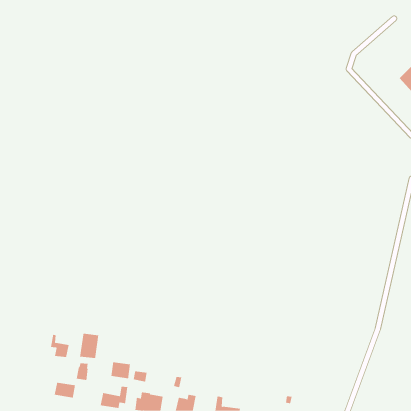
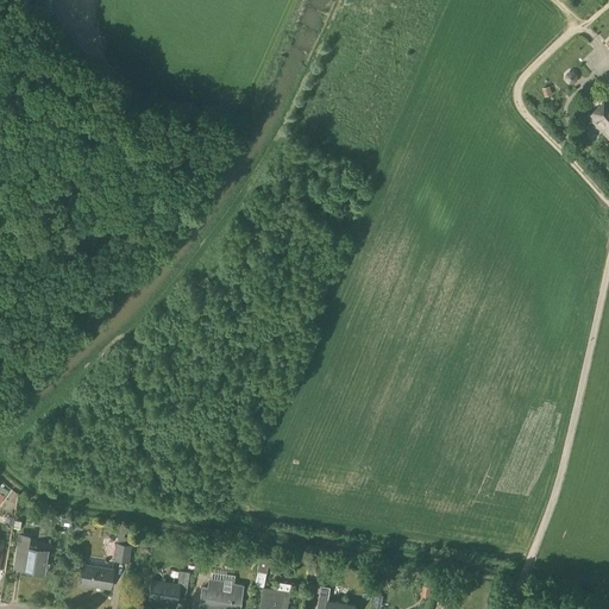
building: [80,333,99,359] -> none
building: [50,334,69,358] -> [18,536,46,571]
building: [111,361,130,379] -> none

